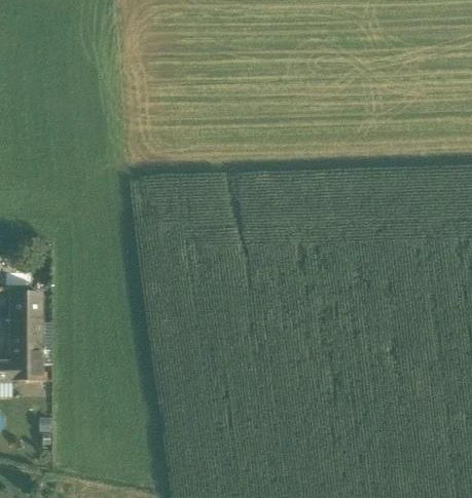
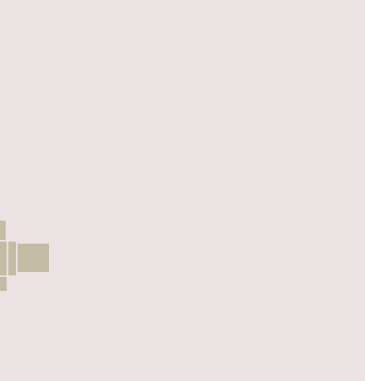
building: none -> [17,243,50,273]

